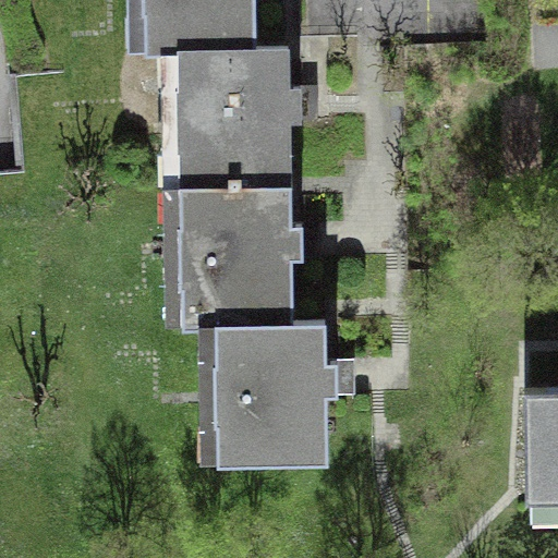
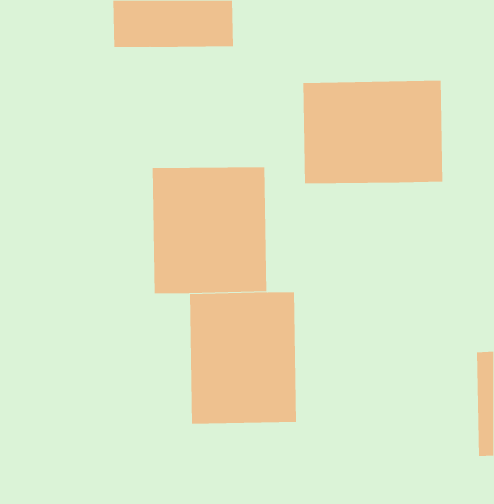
building: [166,50,293,185] -> none
building: none -> [303,80,443,184]

